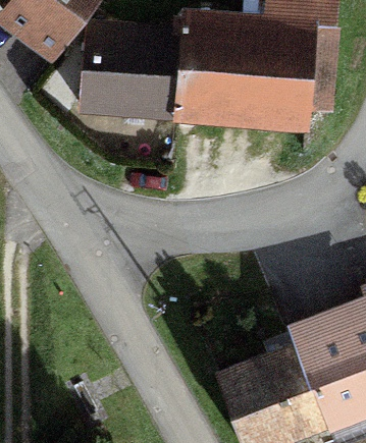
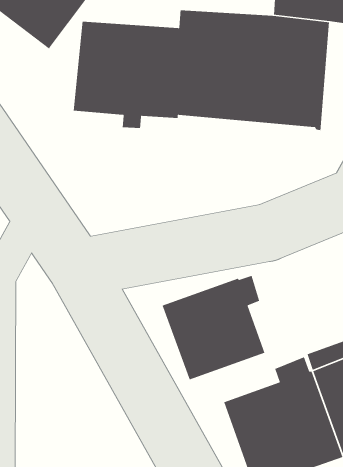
building: none -> [162,275,266,380]

